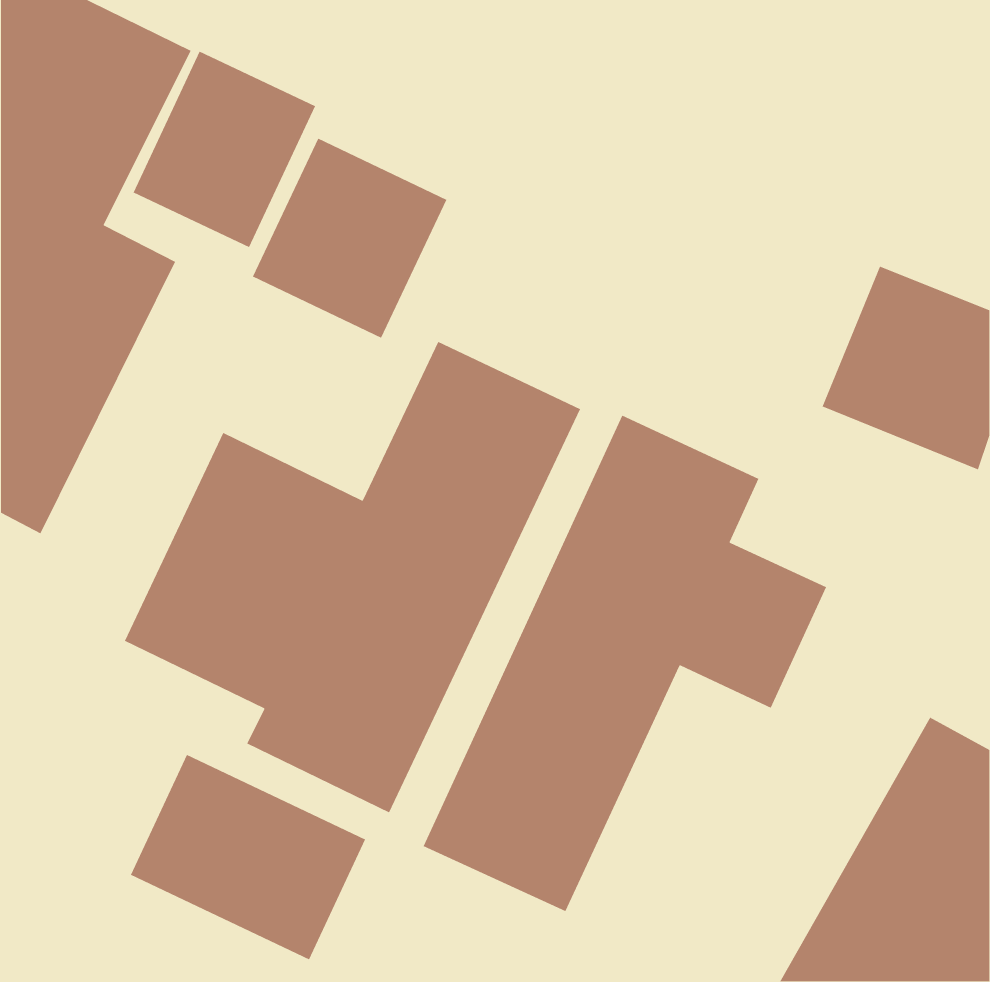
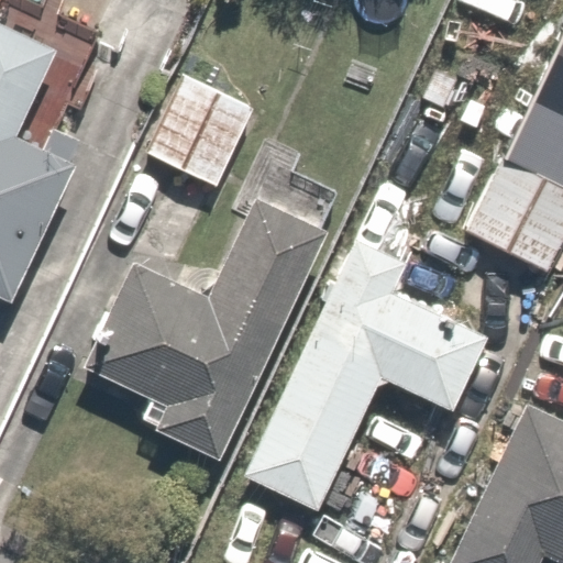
building: [132,51,316,248] -> none
building: [130,754,366,960] -> none

